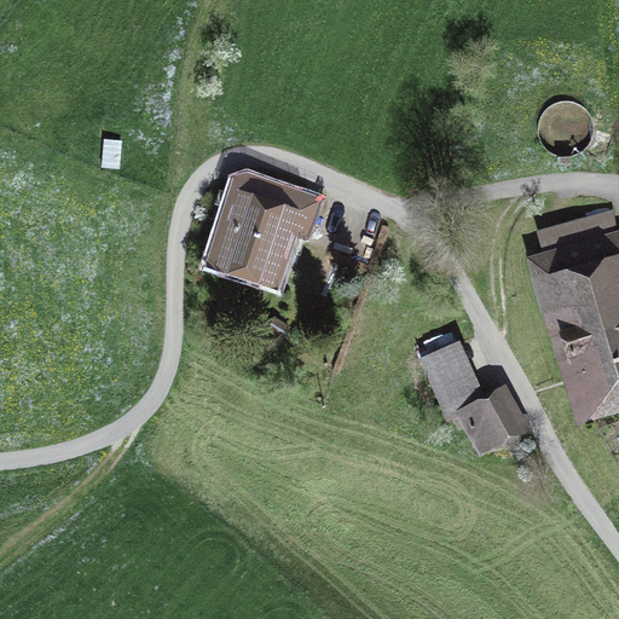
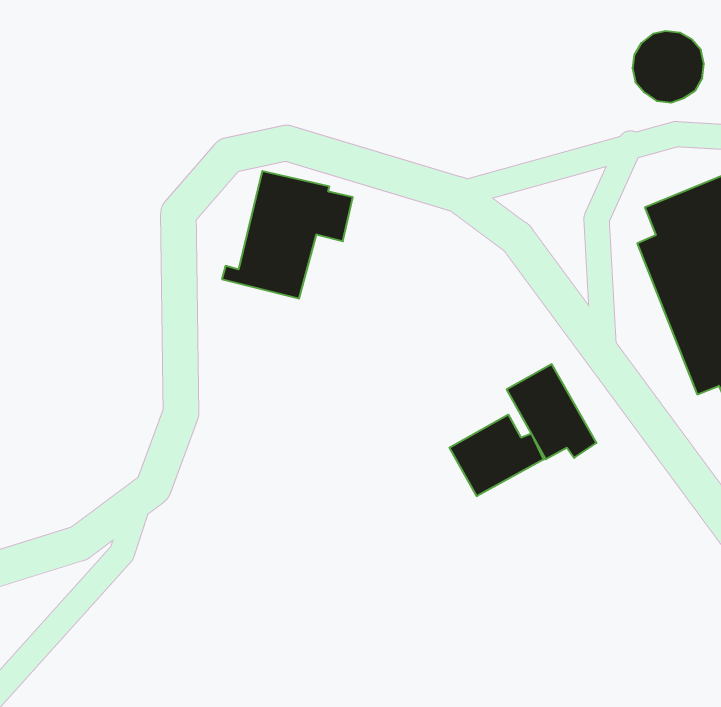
building: none -> [450,415,544,496]
building: [465,395,520,450] -> none

